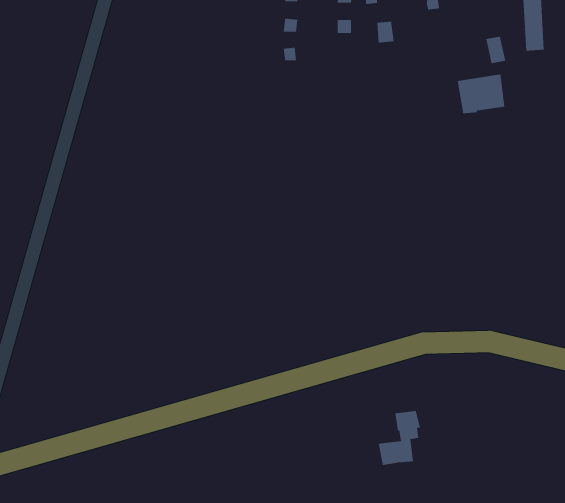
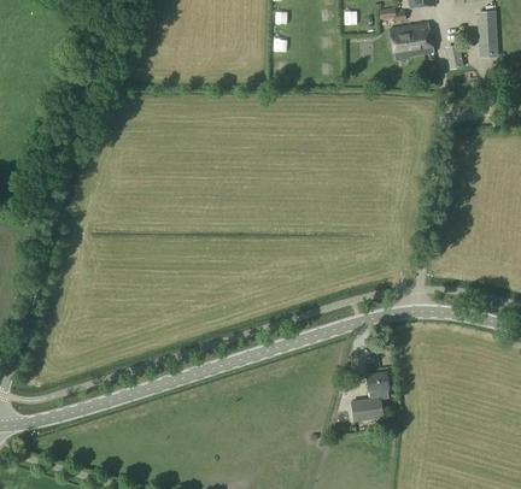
building: [457,74,505,114] -> [390,23,432,58]

